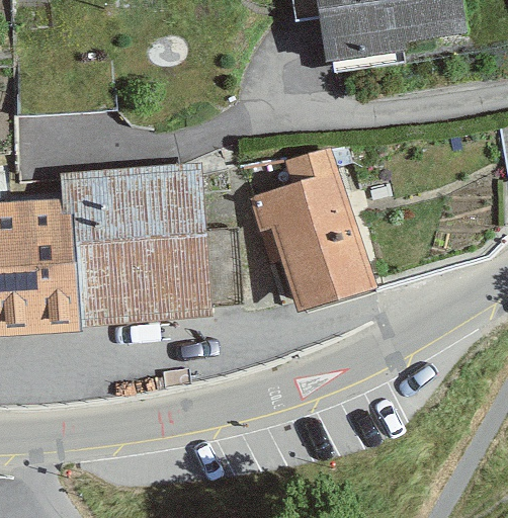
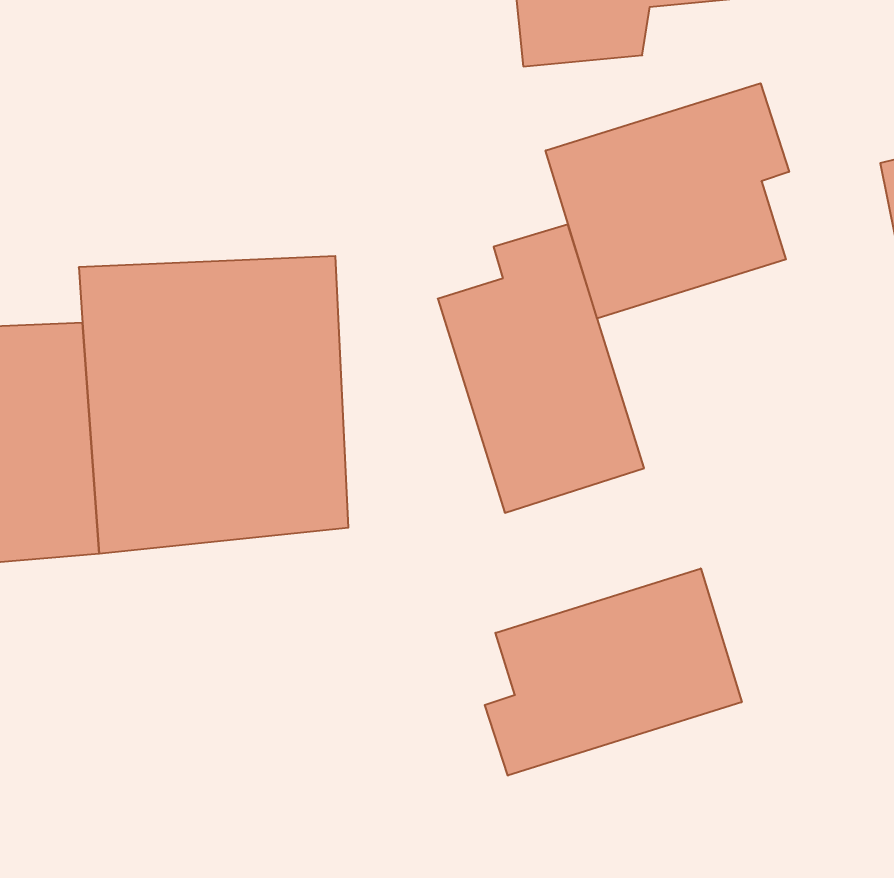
building: none -> [546,83,789,318]
building: none -> [485,568,742,776]

